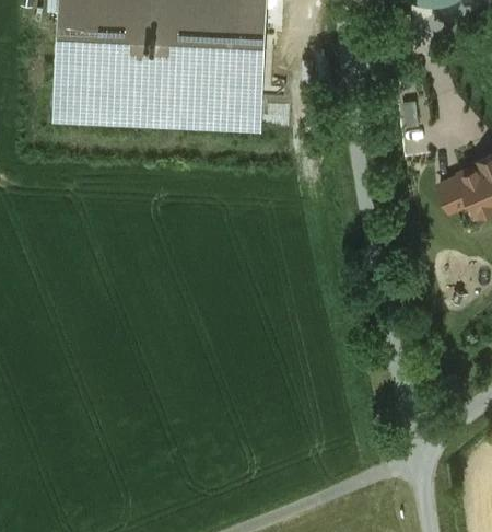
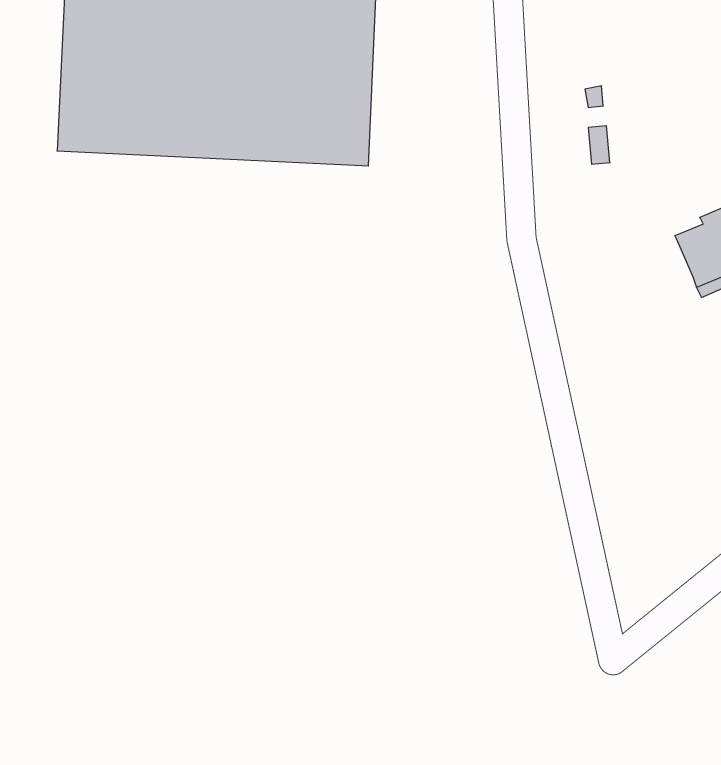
building: [438,178,471,212] -> none

